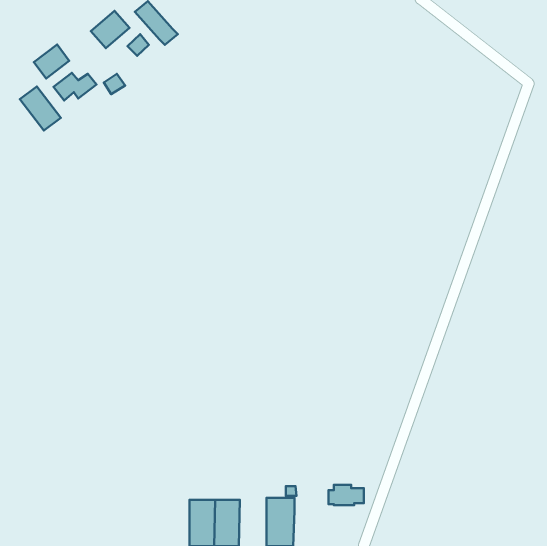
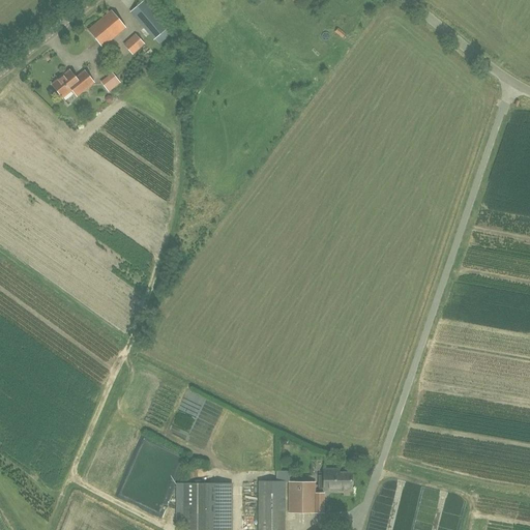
building: [34,44,69,78] -> none
building: [20,87,61,131] -> none
building: none -> [289,481,324,511]

